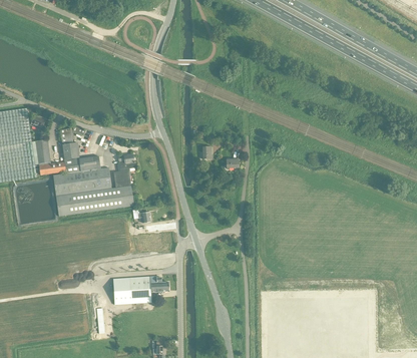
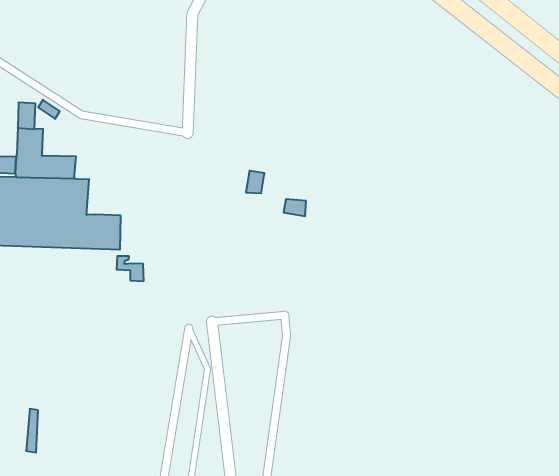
building: [112,154,134,188] -> none
building: [112,276,168,304] -> none

